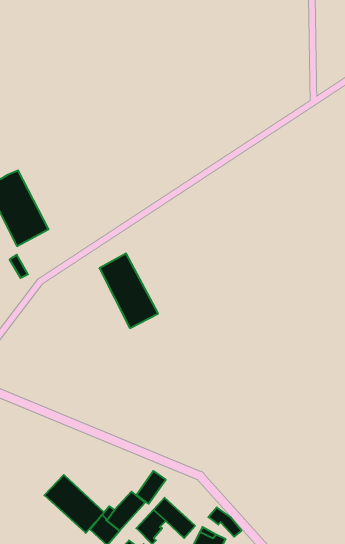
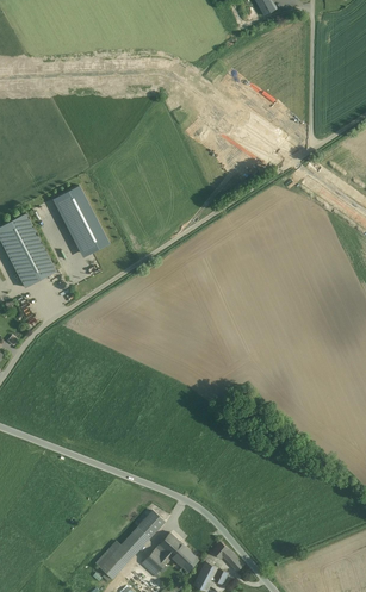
building: [99,254,158,328] -> [52,185,110,257]
building: [44,475,104,533] -> none

